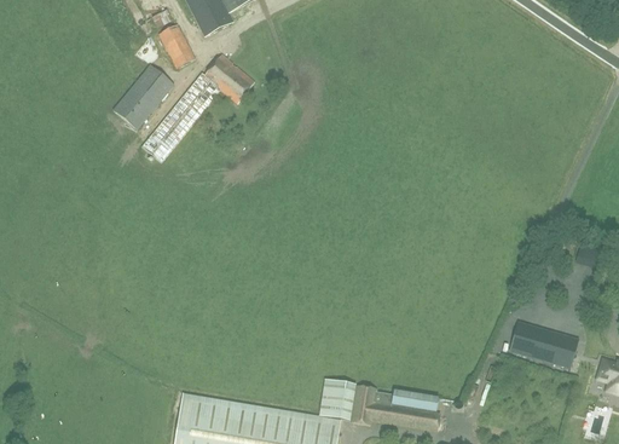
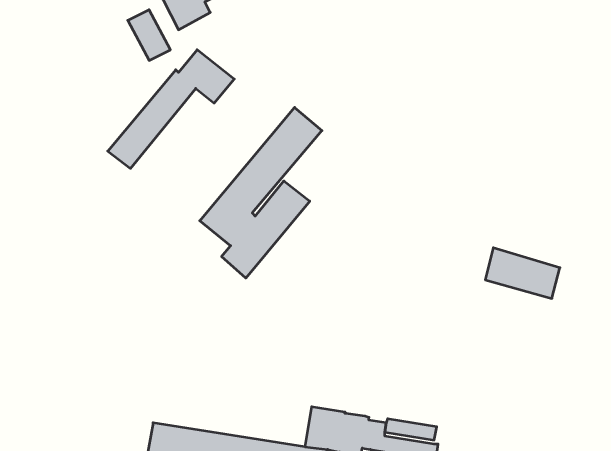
building: [112,64,173,128] -> none
building: none -> [200,107,322,278]
building: [510,321,578,367] -> [485,248,560,298]

